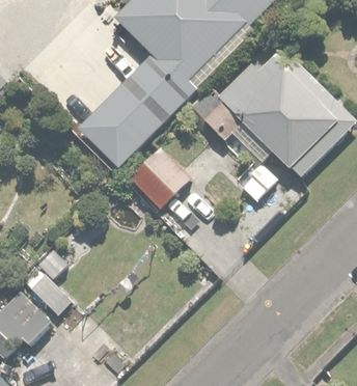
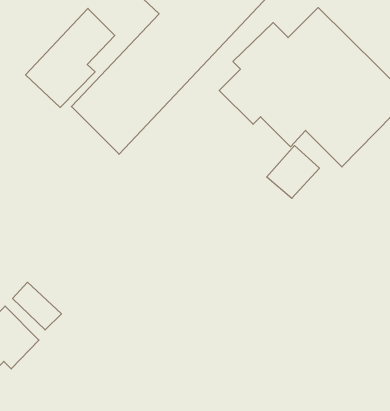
building: none -> [26,8,115,107]
building: [127,143,192,209] -> none

